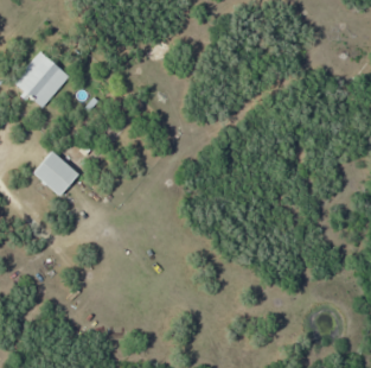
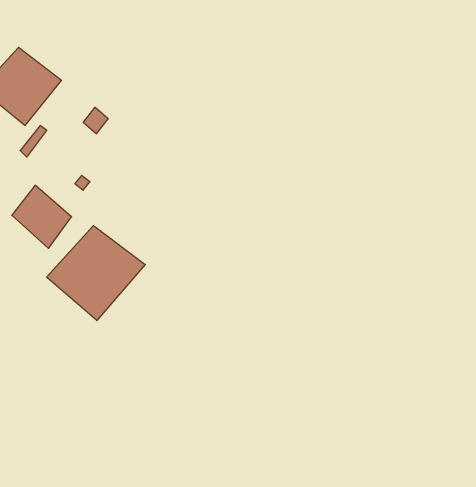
building: none -> [47,226,145,321]

